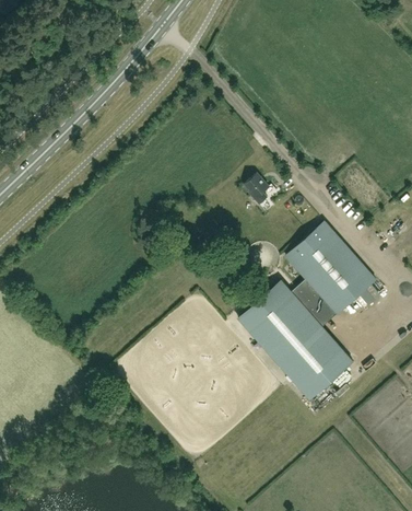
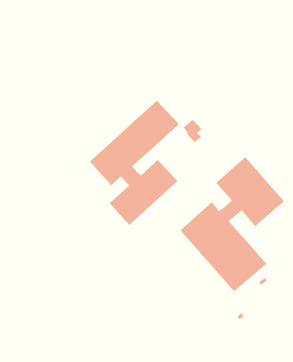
building: none -> [89,100,180,226]

